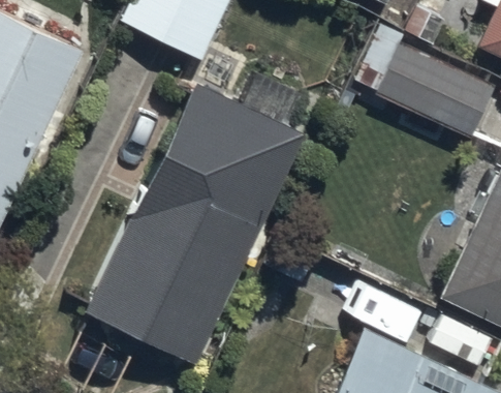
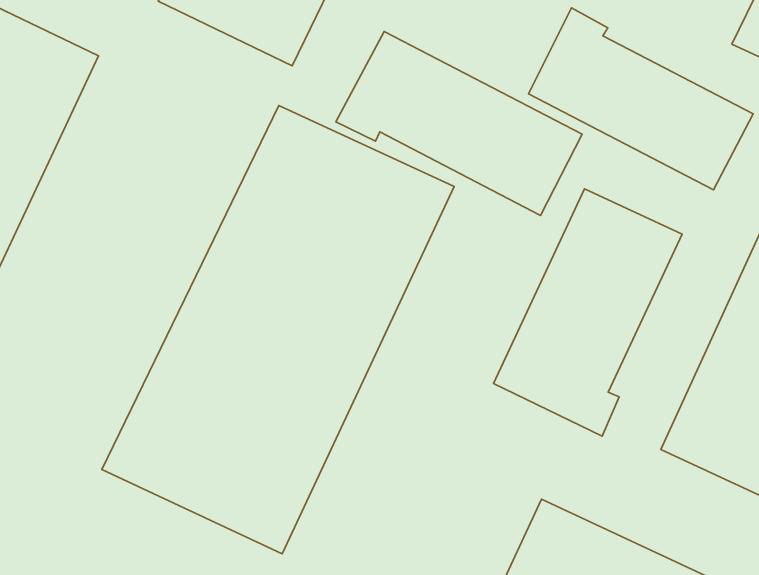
building: none -> [336,31,582,215]
building: none -> [493,189,682,436]

